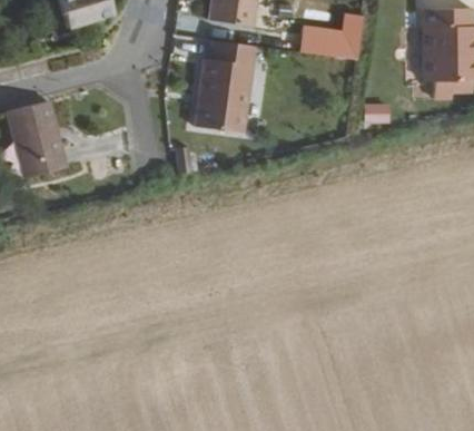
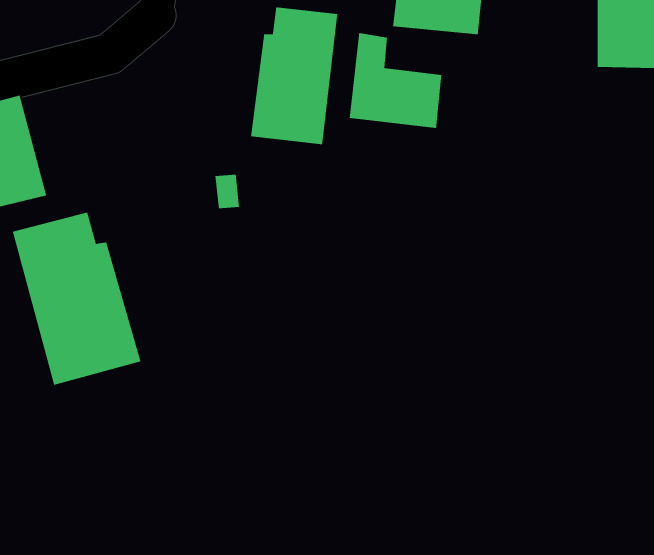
building: none -> [349,32,442,129]
building: none -> [12,211,142,386]

